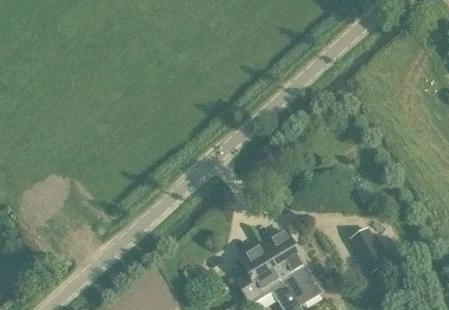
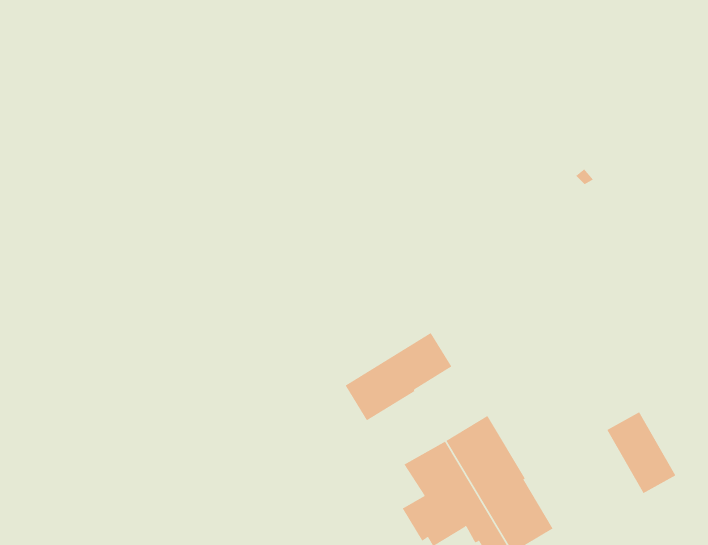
building: none -> [345,332,452,421]

